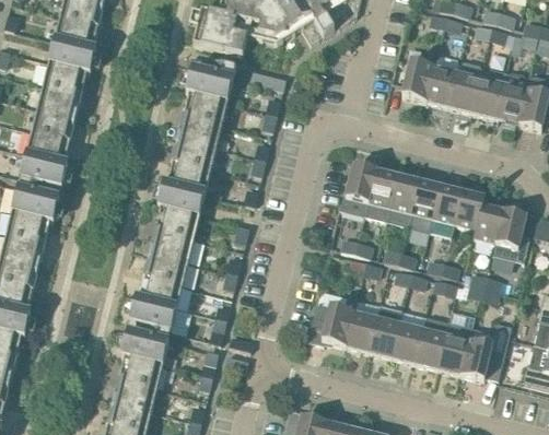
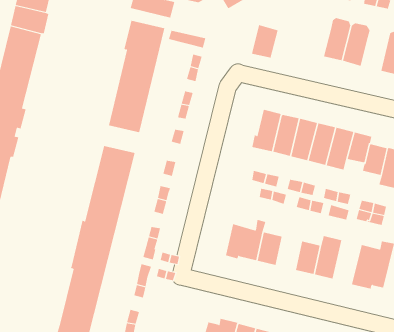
building: [402,60,435,101] -> [251,25,278,58]
building: [472,68,506,118] -> none
building: [159,183,206,216] -> none
building: [370,305,404,357] -> none
building: [439,321,472,375] -> none

